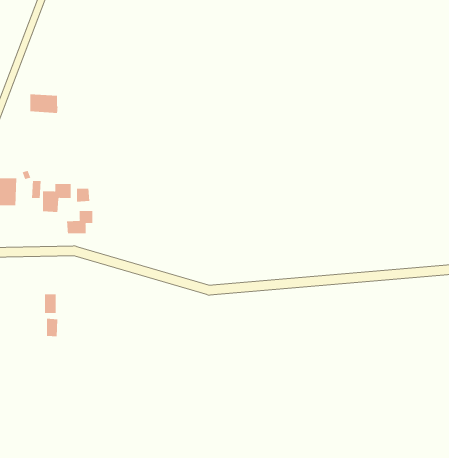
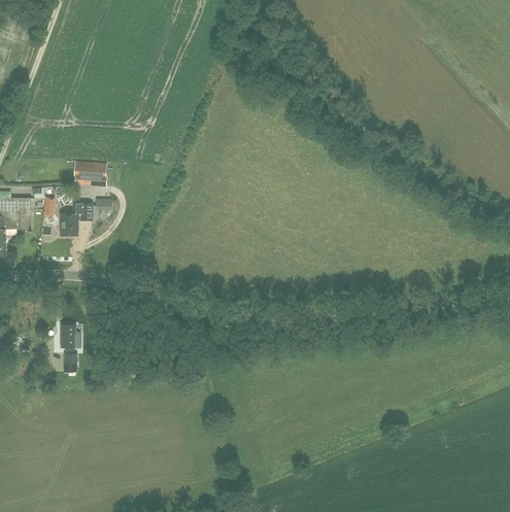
building: [30,94,59,113] -> [74,162,106,183]
building: [67,210,93,234] -> none

